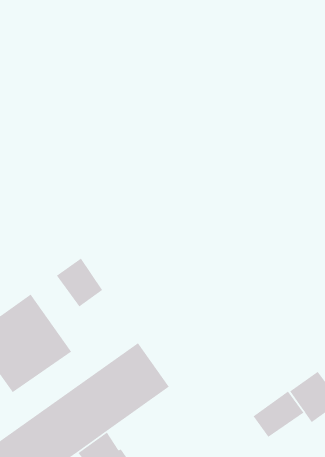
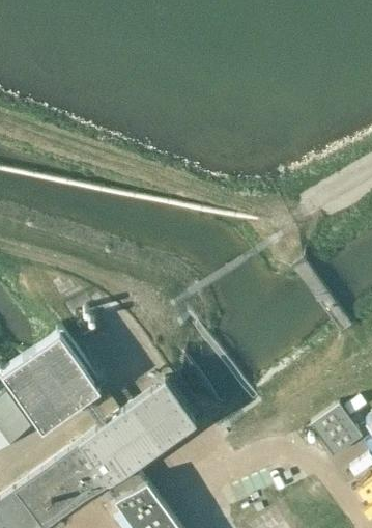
building: [56,257,103,308] -> none
building: [253,391,304,438] -> none

